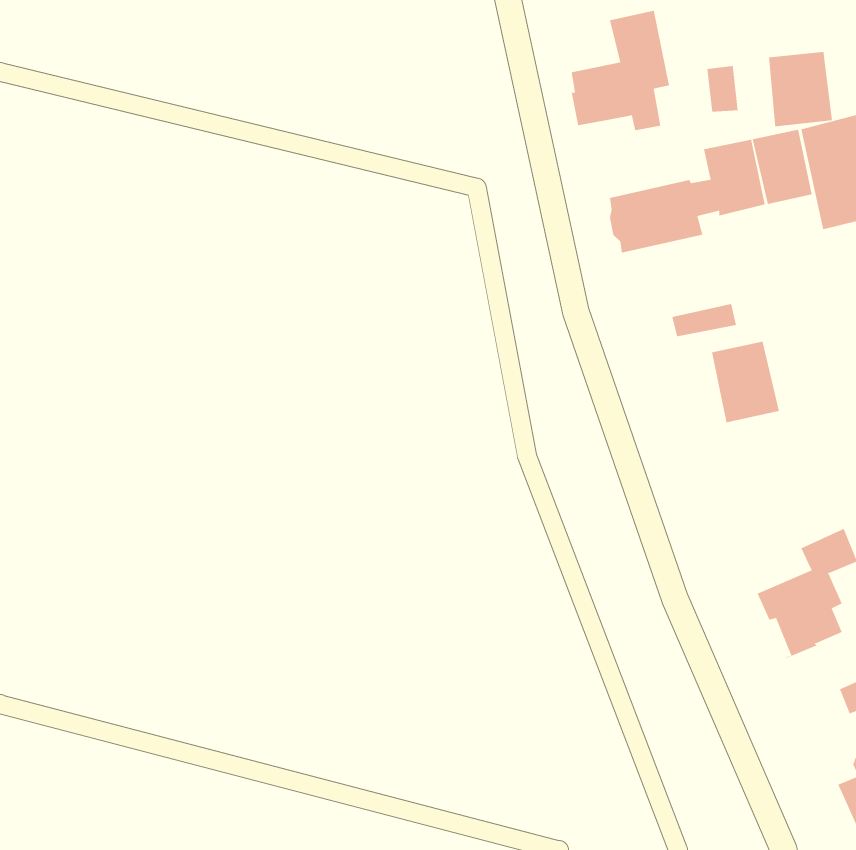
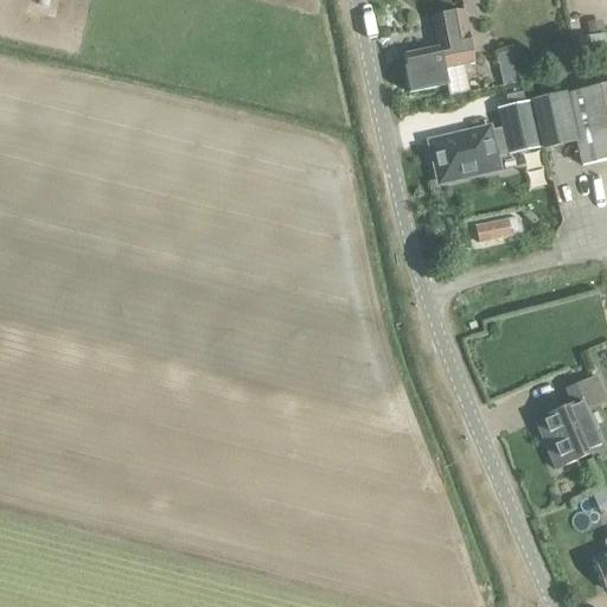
building: [768,51,832,127] -> none
building: [712,341,779,423] -> none

